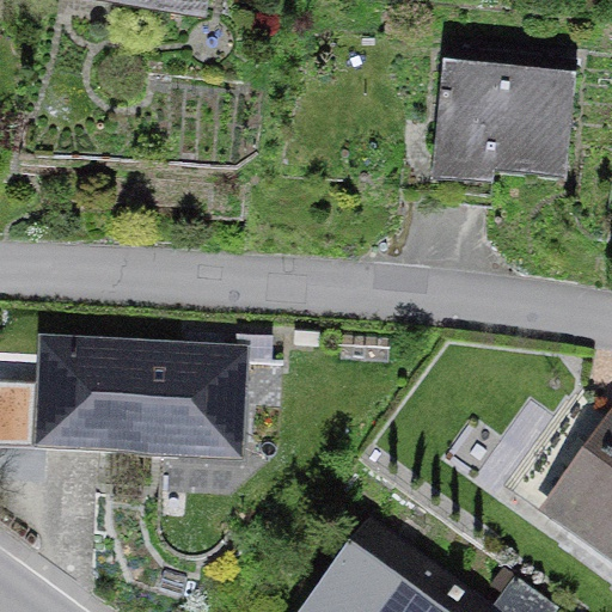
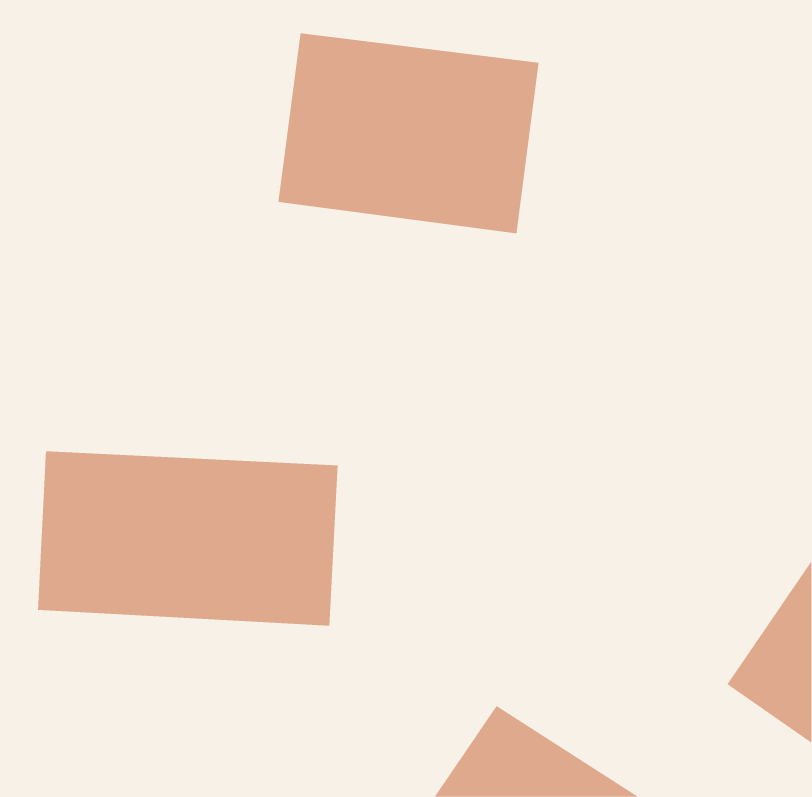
building: none -> [278,32,539,234]
building: [429,67,580,200] -> none

